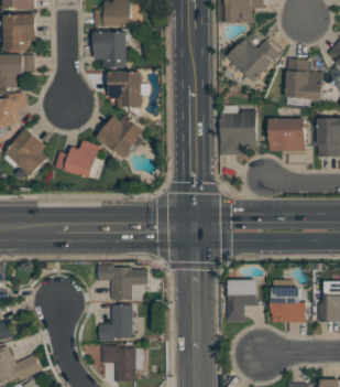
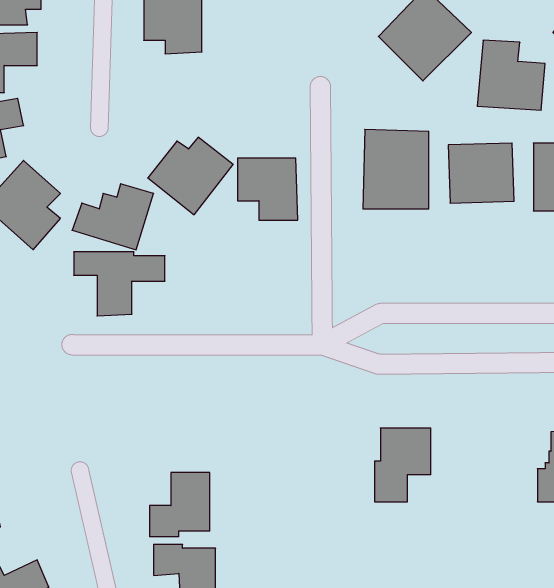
building: [109,71,143,106] -> [238,158,298,220]
building: [97,267,149,303] -> [74,252,165,316]
building: [272,286,306,322] -> none

